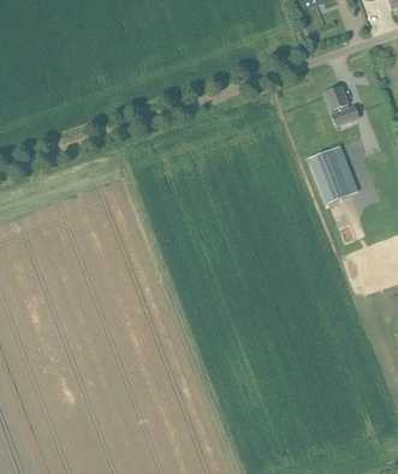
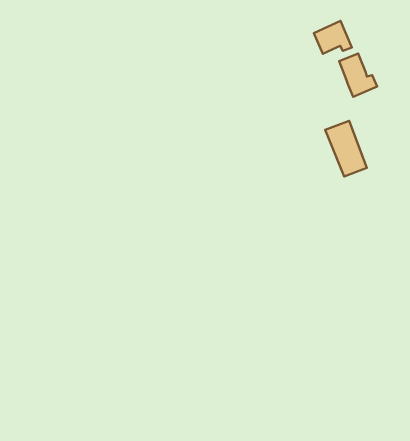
building: none -> [314,21,352,54]

